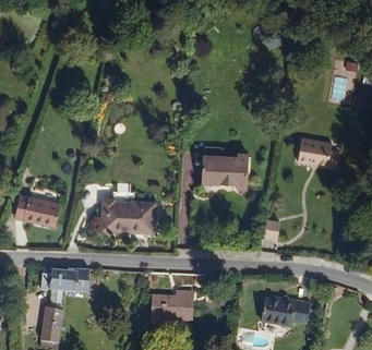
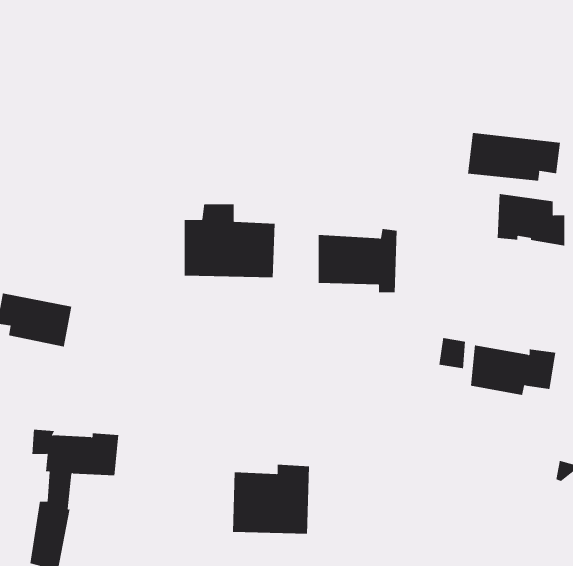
building: none -> [467,132,561,182]
building: [100,191,152,232] -> [184,204,276,278]
building: [263,295,311,324] -> [470,345,556,395]

